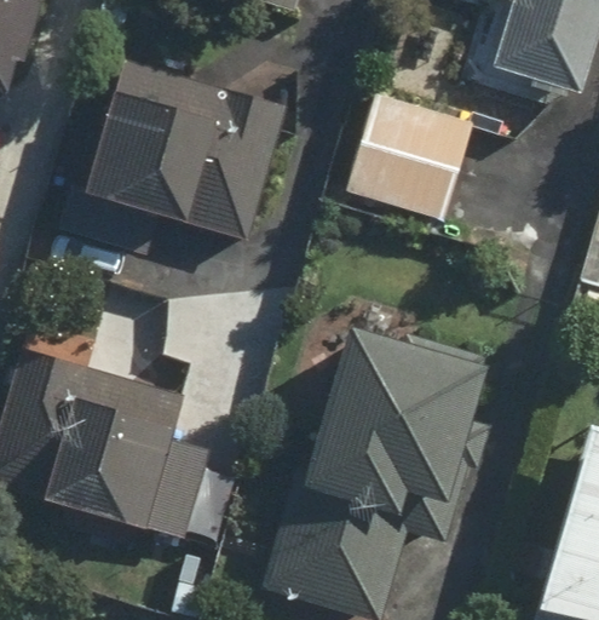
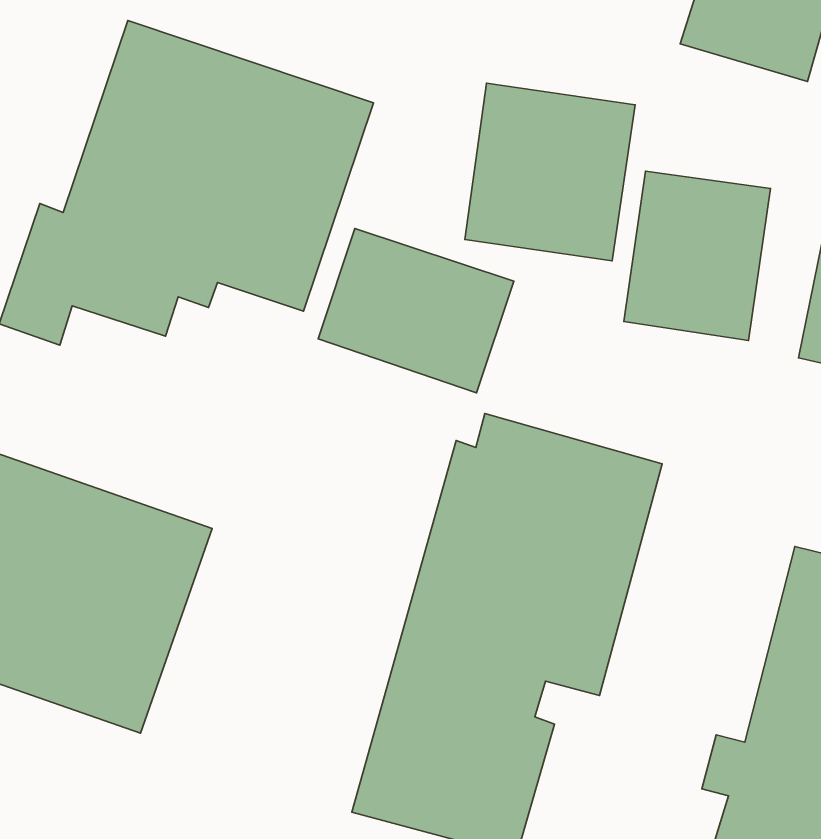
building: none -> [624,171,770,341]
building: none -> [318,228,514,393]

